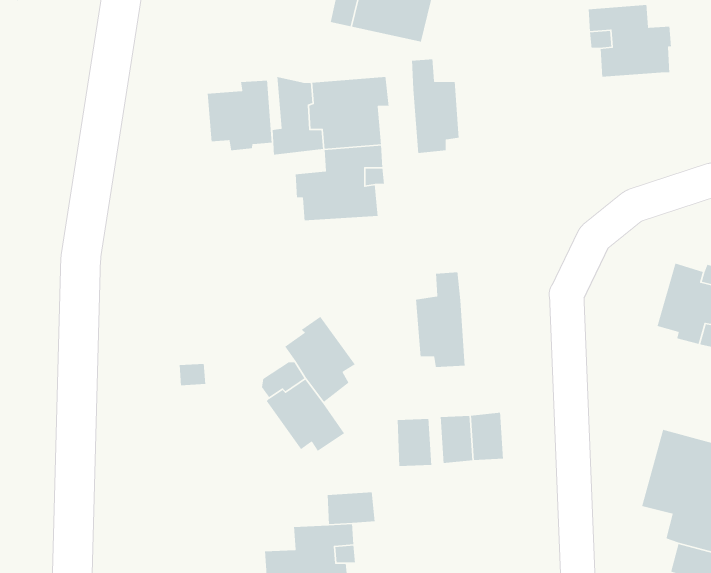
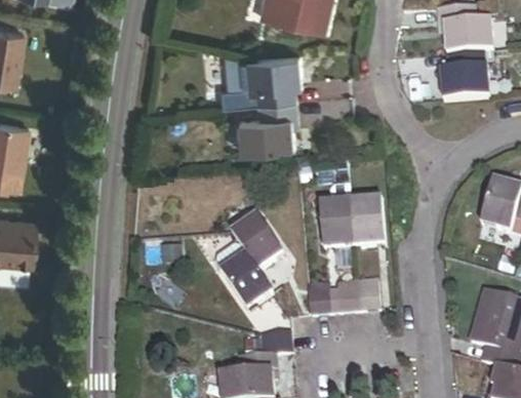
building: [411,59,460,154] -> none
building: none -> [441,51,490,101]
building: [207,80,273,151] -> none
building: none -> [351,198,385,248]

